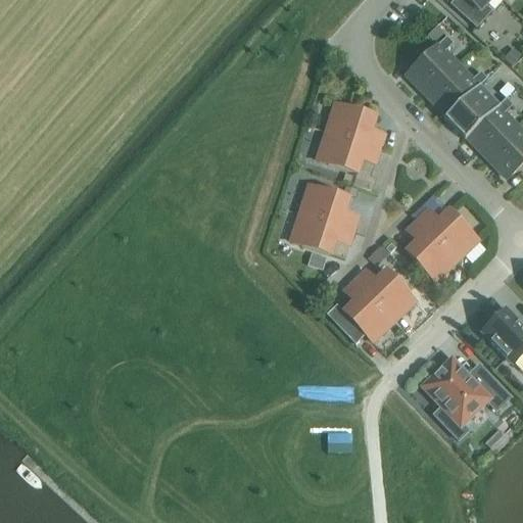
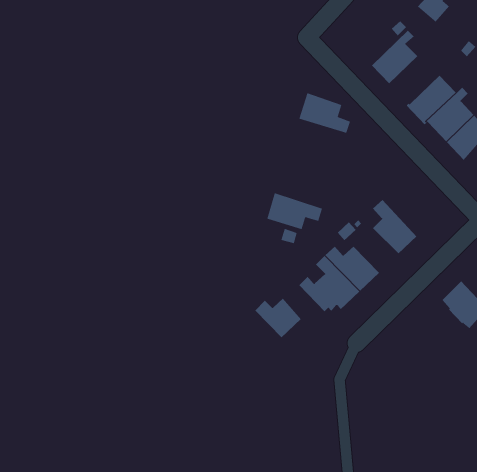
building: [426,61,487,113] -> none
building: [318,130,380,170] -> none
building: [300,183,359,228] -> none
building: [419,207,478,258] -> none
building: none -> [254,298,302,338]
building: [426,359,511,437] -> none

